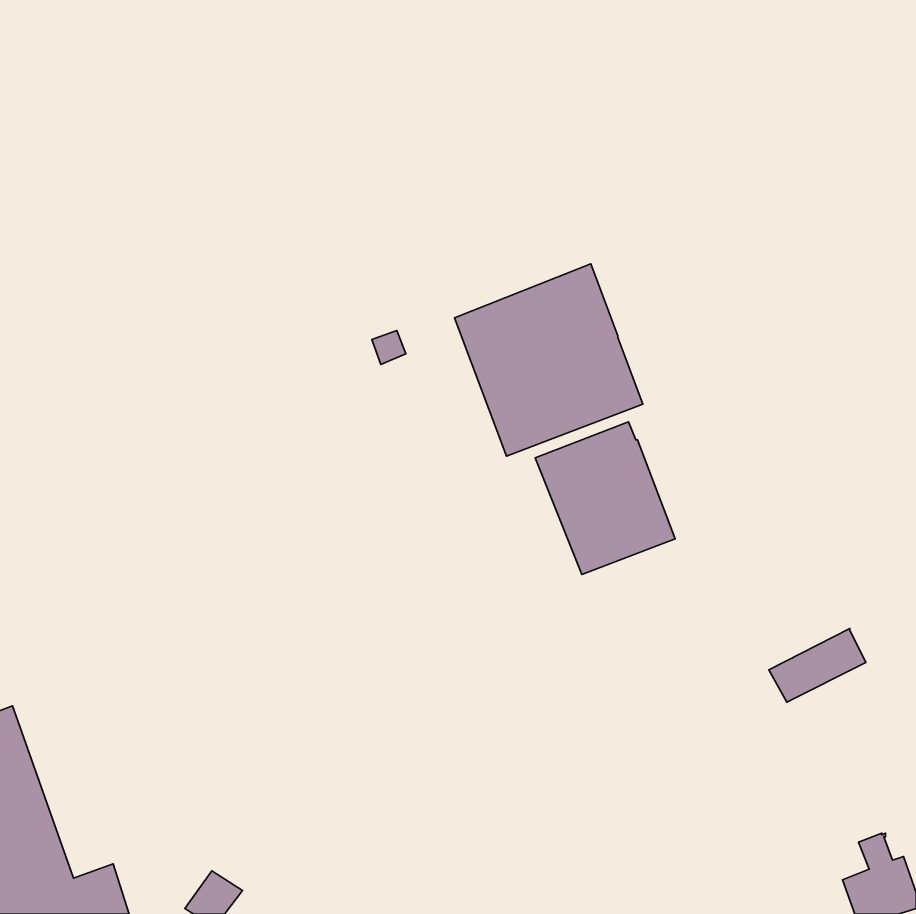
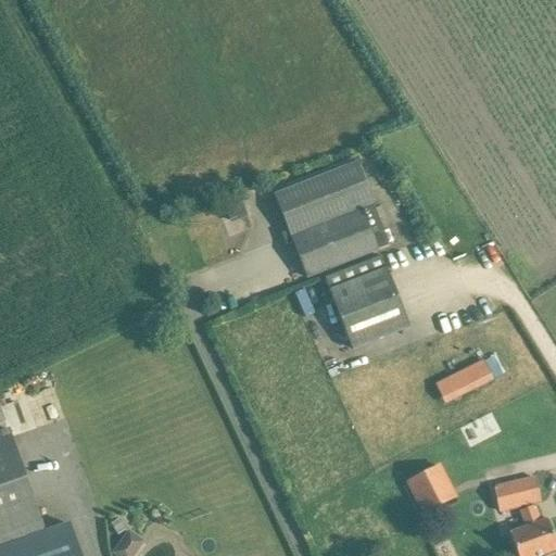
building: [769,628,866,702] -> [433,358,492,403]
building: none -> [407,465,454,511]
building: none -> [492,477,540,513]

